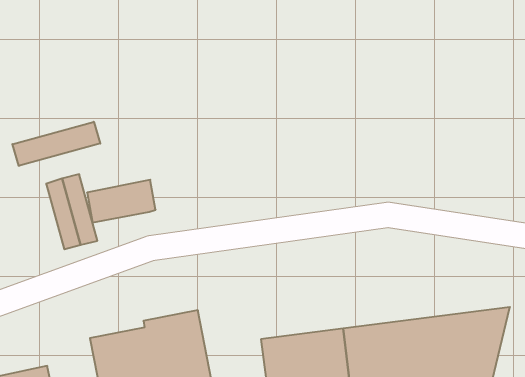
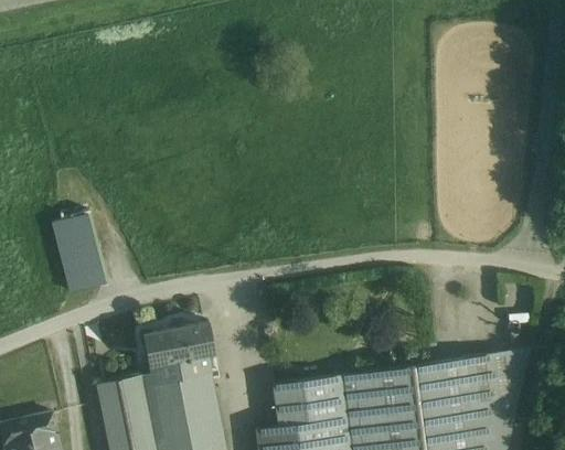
building: [12,122,100,166] -> none
building: [87,180,156,223] -> [143,321,214,365]

